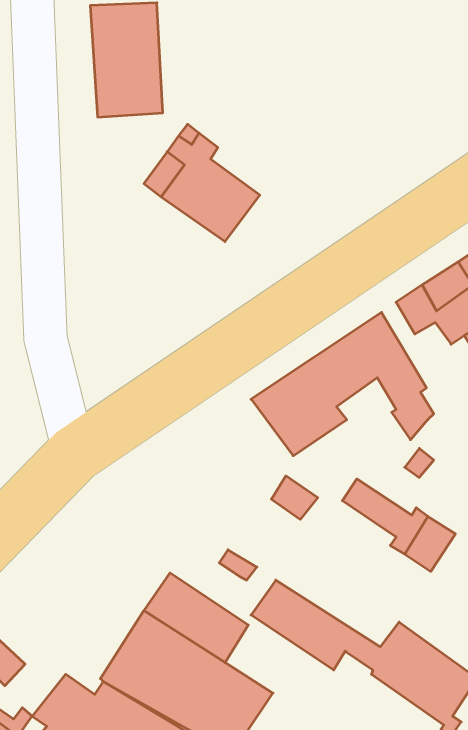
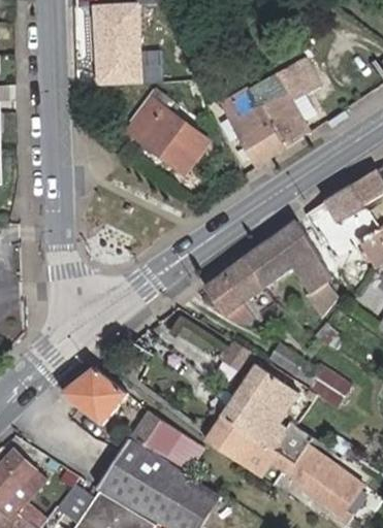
building: none -> [223,60,322,168]
building: none -> [224,363,317,463]
building: none -> [61,366,129,425]

